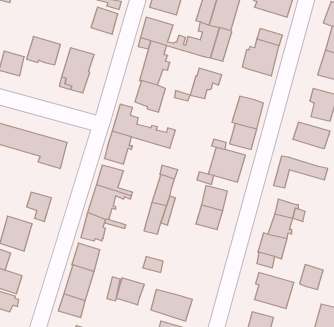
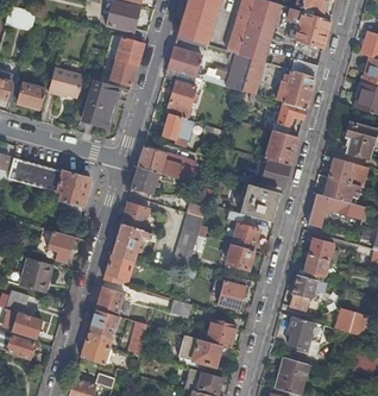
building: none -> [109,58,138,86]
building: [190,68,222,99] -> [272,102,305,134]
building: none -> [323,176,359,205]
building: none -> [218,282,245,310]
building: [116,278,144,305] -> [207,319,237,347]

